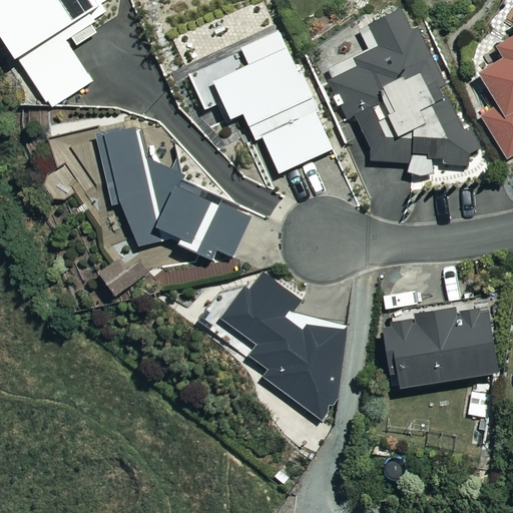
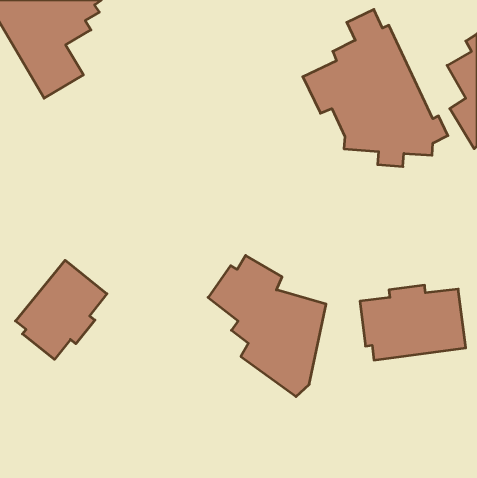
building: [188,49,330,171] -> none
building: [96,126,250,259] -> none
building: none -> [15,260,107,359]

